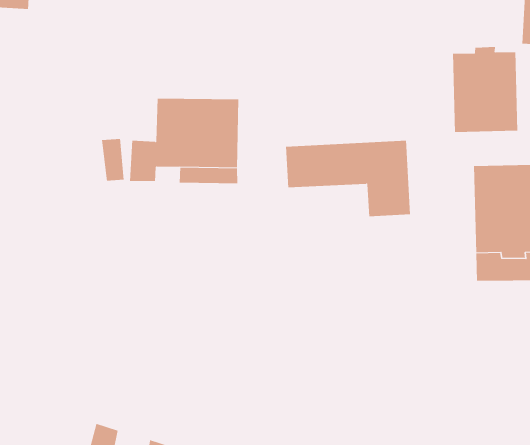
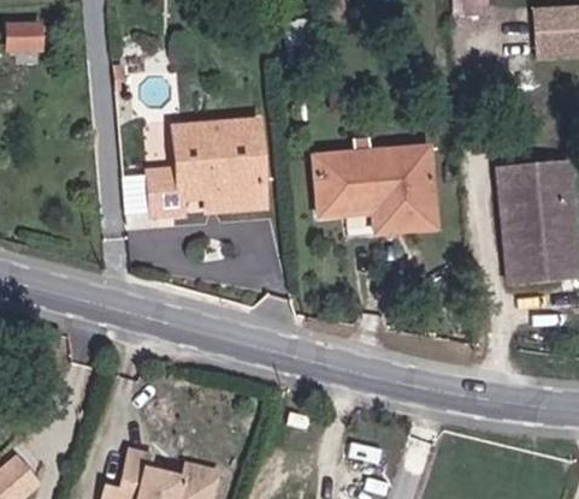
building: [453,46,518,133] -> none
building: none -> [313,197,395,232]

